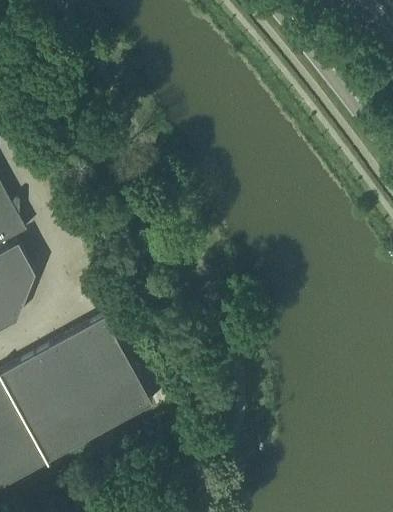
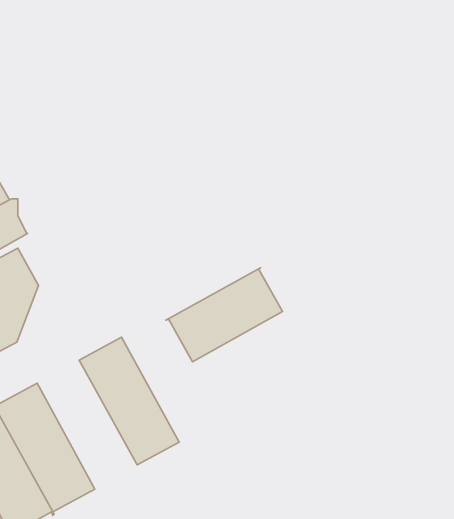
building: none -> [166,268,282,362]
building: [34,337,117,444] -> none

